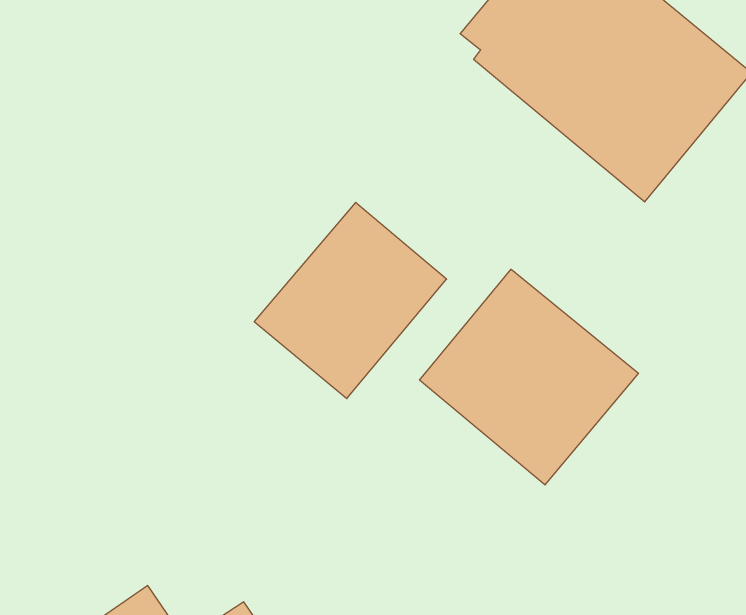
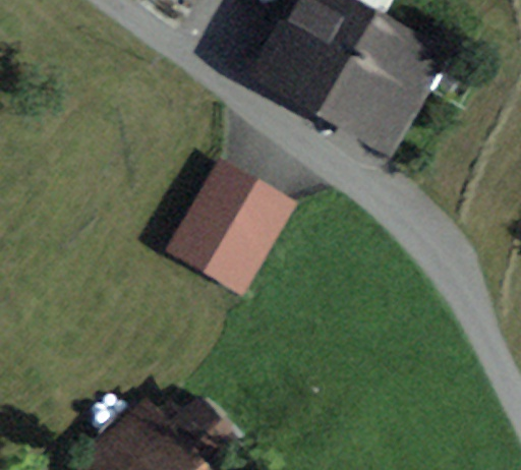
building: [420,269,638,485] -> none

